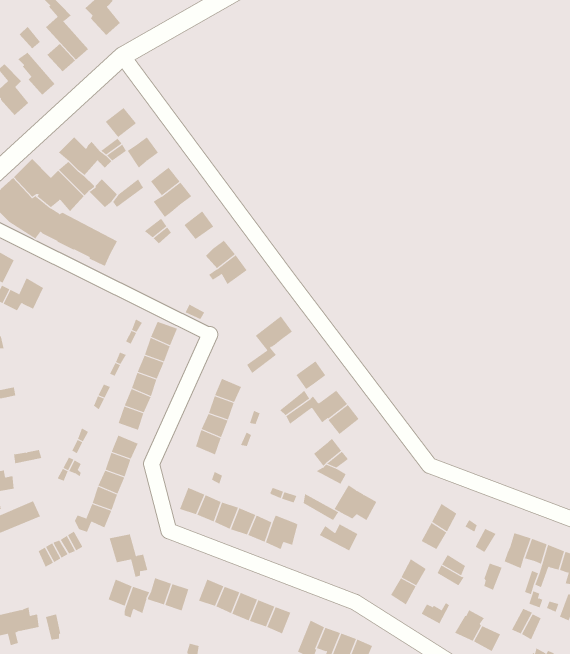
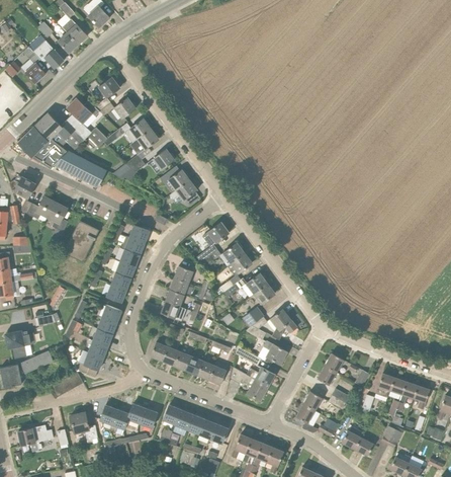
building: none -> [49,203,68,239]
building: none -> [65,221,98,260]
building: none -> [200,242,245,267]
building: none -> [270,309,296,340]
building: none -> [230,367,268,400]
building: [109,534,148,577] -> [70,412,97,443]

